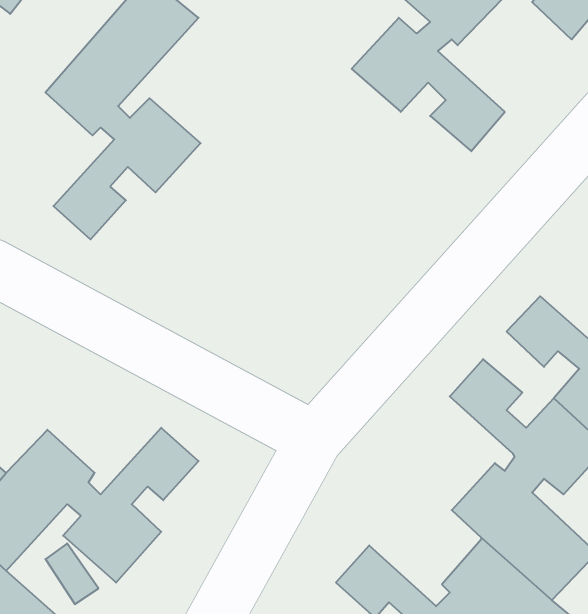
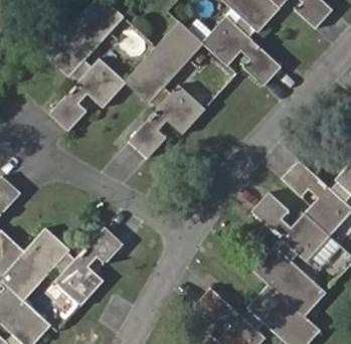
building: none -> [125,22,205,158]

